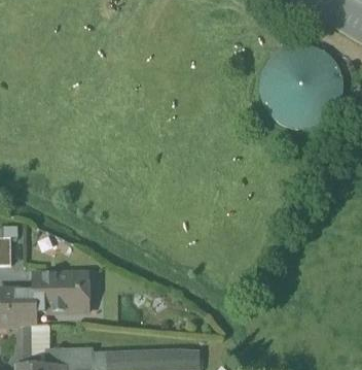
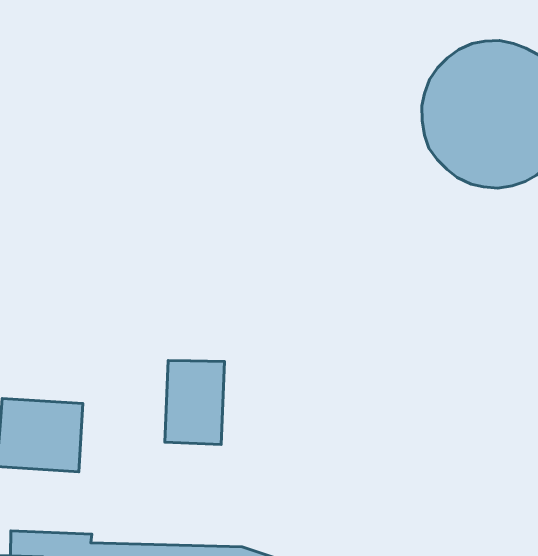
building: none -> [165,361,224,445]

